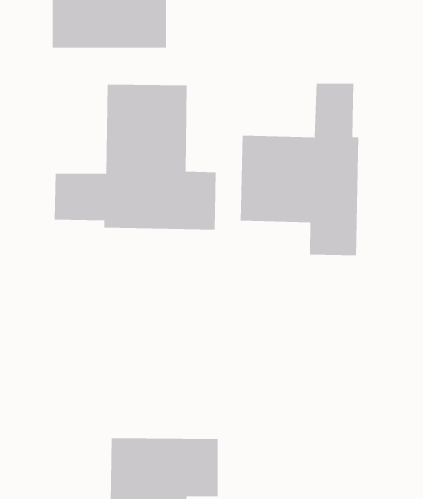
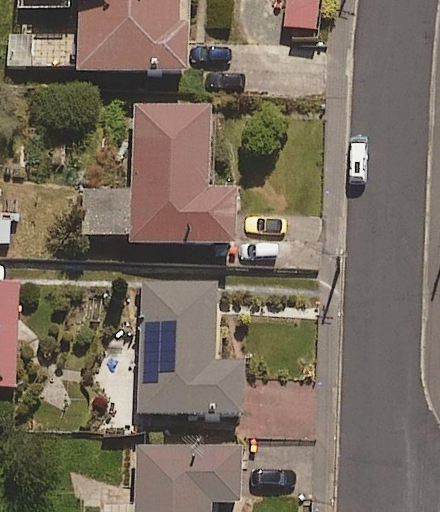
building: [240,83,359,256] -> none
building: none -> [140,283,243,415]

